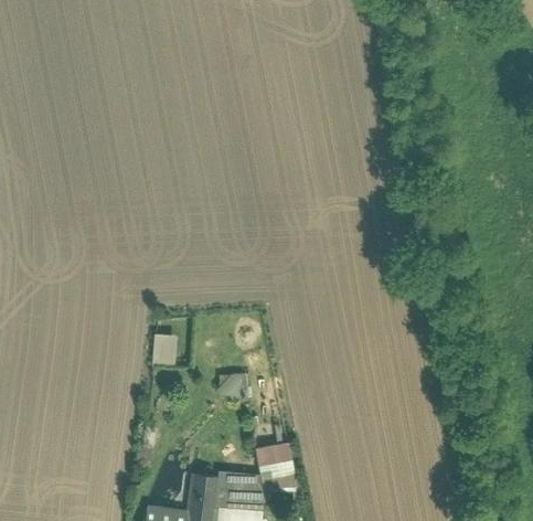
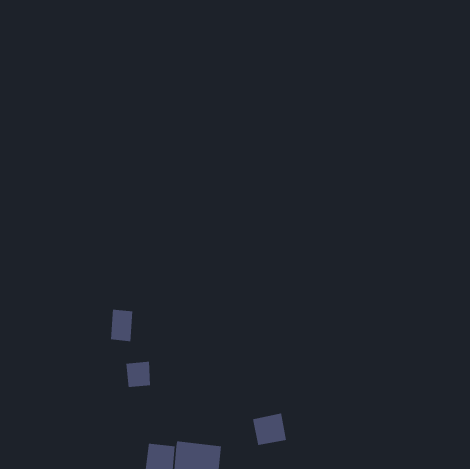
building: [217,373,244,401] -> [126,361,151,388]
building: [255,442,291,476] -> [252,413,287,445]

